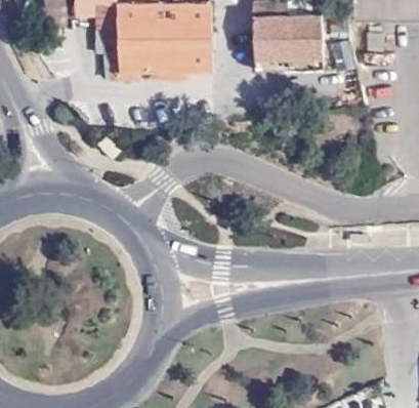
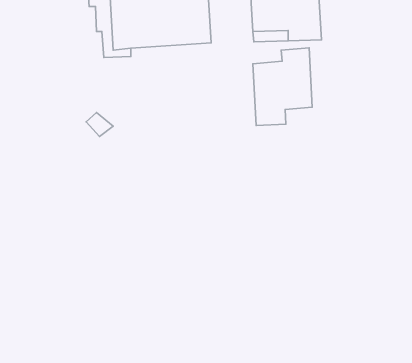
building: none -> [253,48,312,126]

